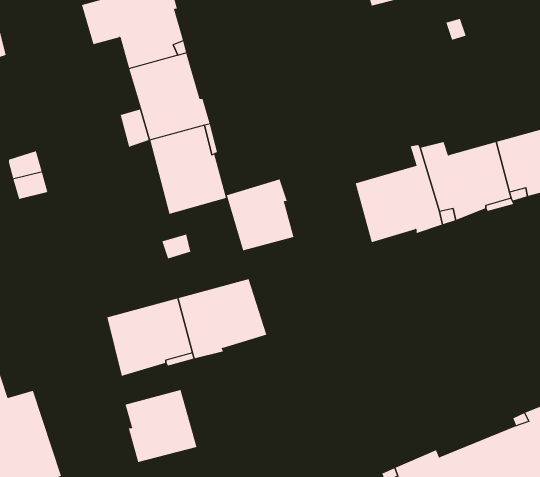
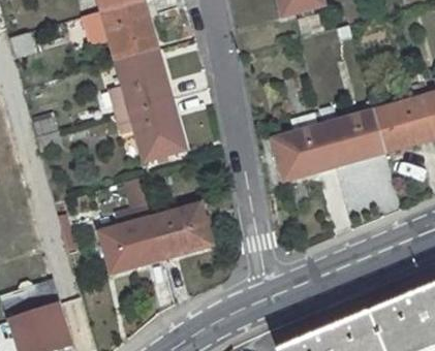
building: [226,179,294,251] -> none
building: [125,389,197,463] -> none

